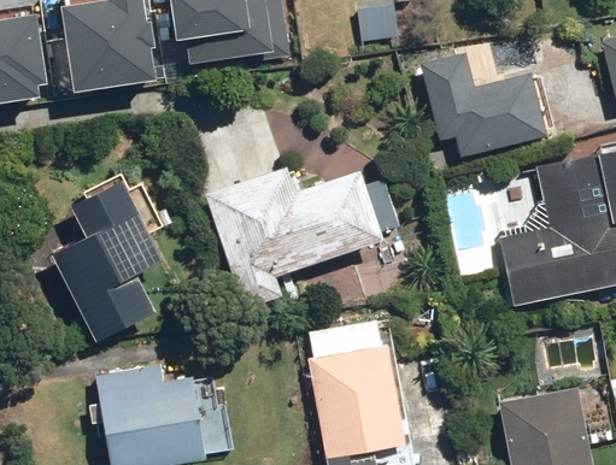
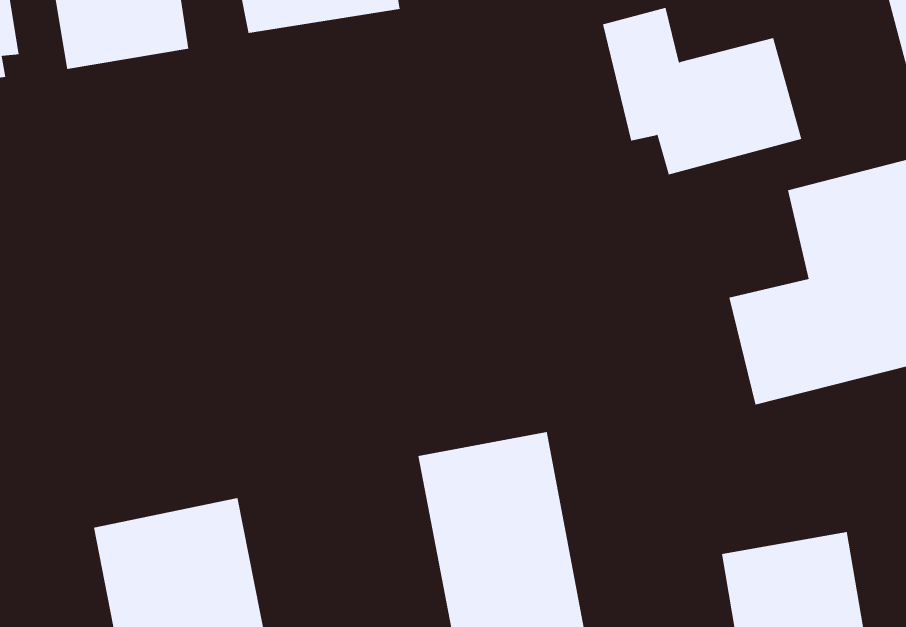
building: [205,166,381,307] -> none
building: [49,178,163,341] -> none

